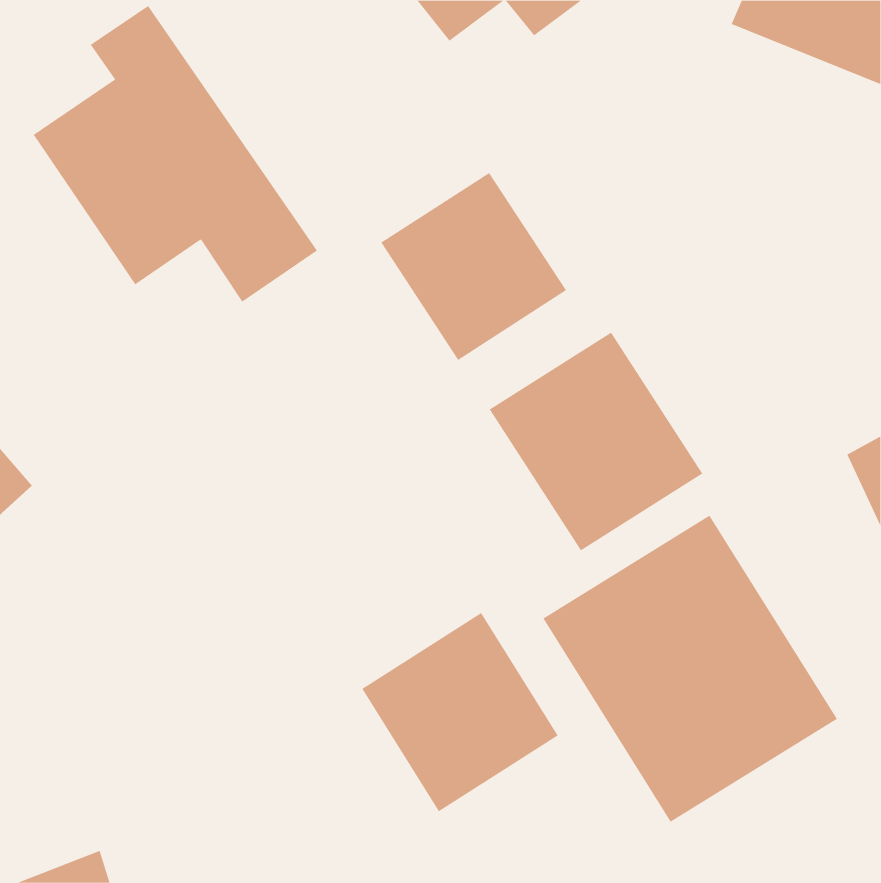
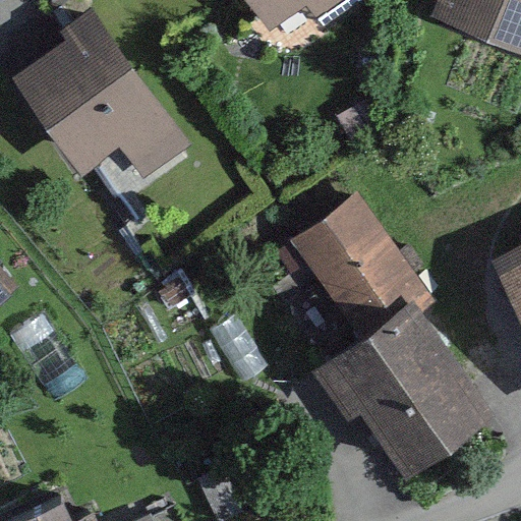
building: [381,172,567,361] -> none
building: [361,612,559,812] -> none

